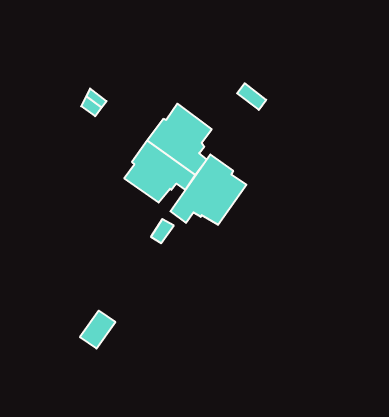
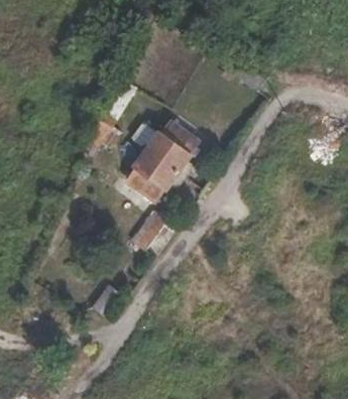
building: [170,154,246,225] -> none

